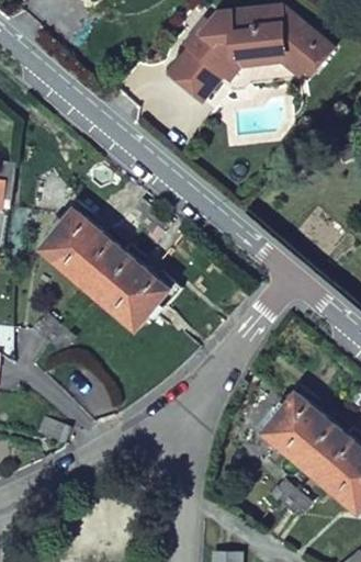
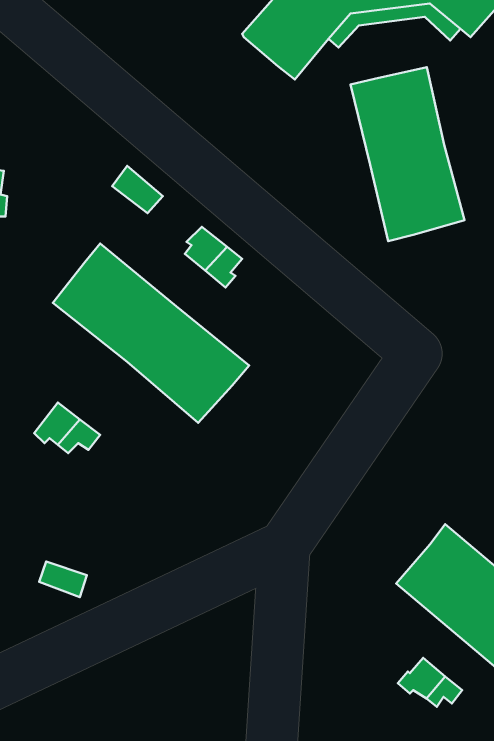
building: none -> [351,67,464,241]

